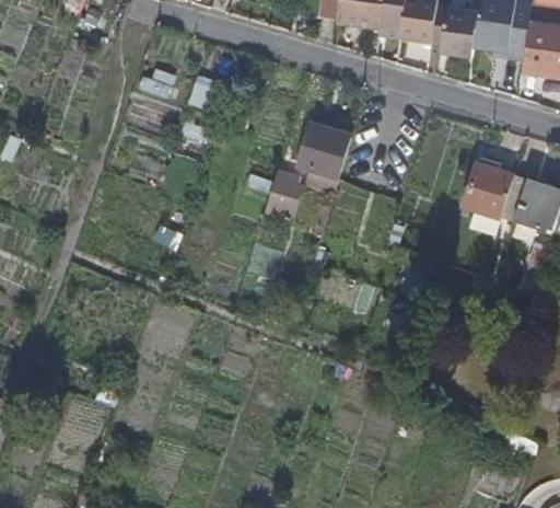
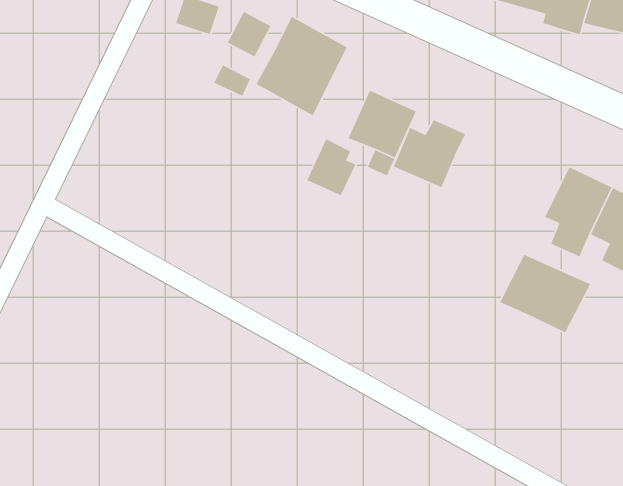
building: none -> [256,16,348,117]
building: none -> [393,119,466,188]
building: none -> [499,254,591,334]

